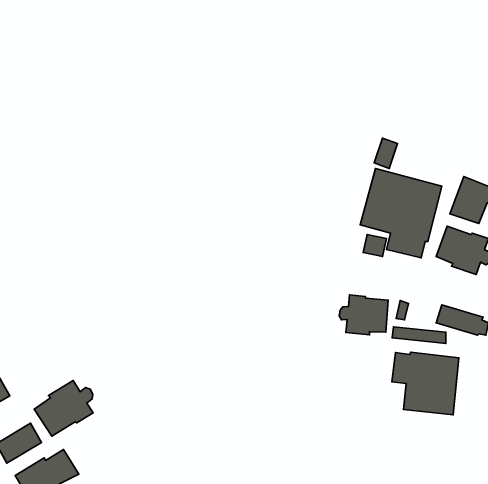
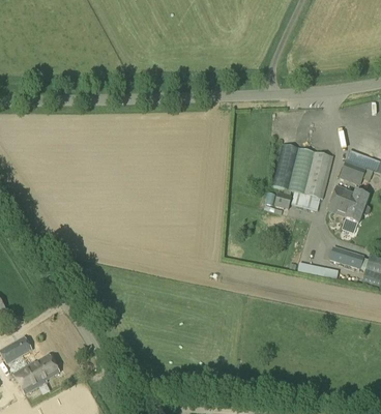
building: [339,295,388,335] -> none
building: [392,352,459,415] -> none
building: [34,381,93,436] -> none

